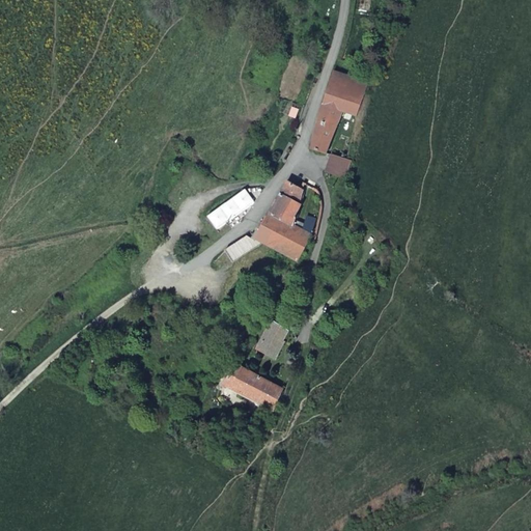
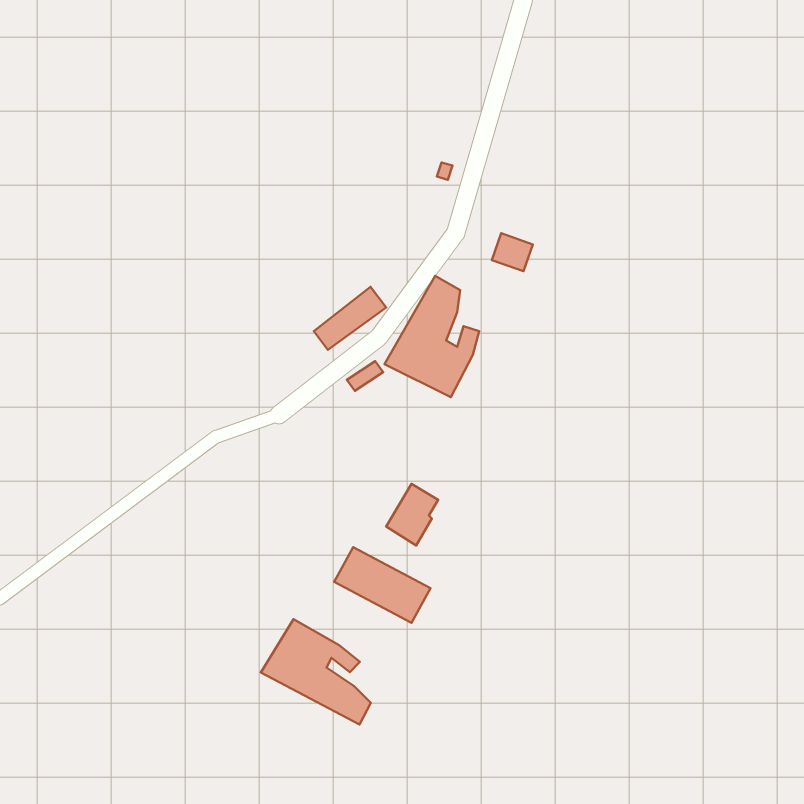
building: [308,71,367,155] -> none
building: none -> [261,619,371,724]

